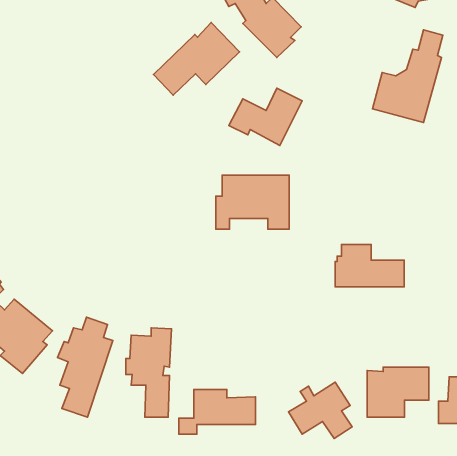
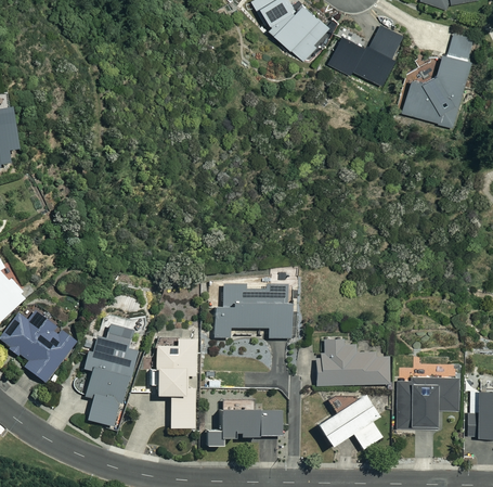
building: [153,23,240,95] -> none
building: [229,88,302,146] -> [329,27,404,86]
building: [216,175,289,229] -> [215,284,289,339]
building: [335,244,404,287] -> [317,342,388,385]

